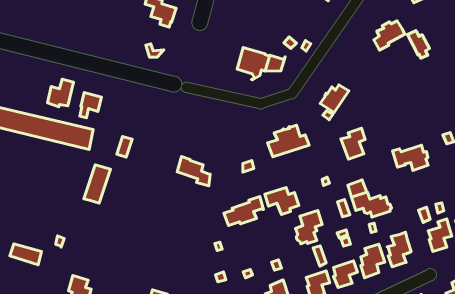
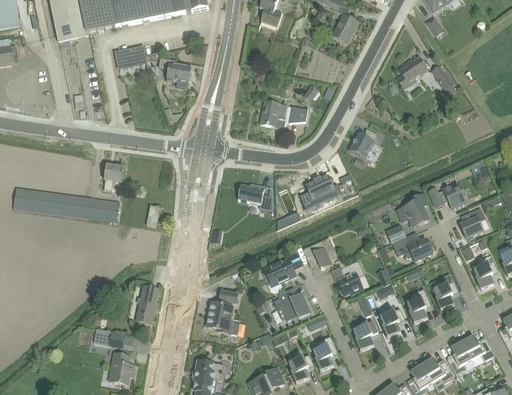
building: [47,79,73,107] -> none
building: [341,128,365,159] -> [403,193,428,226]
building: [177,157,210,186] -> [238,183,272,210]
building: [84,165,110,203] -> [135,285,159,324]
building: none -> [460,207,485,238]
building: none -> [207,291,238,333]
building: none -> [273,287,310,320]
building: [10,244,41,265] -> [93,329,125,348]

